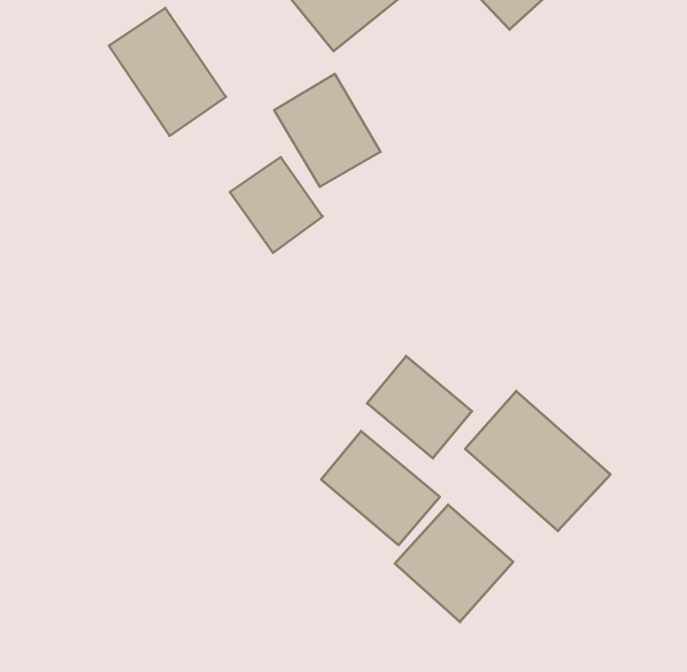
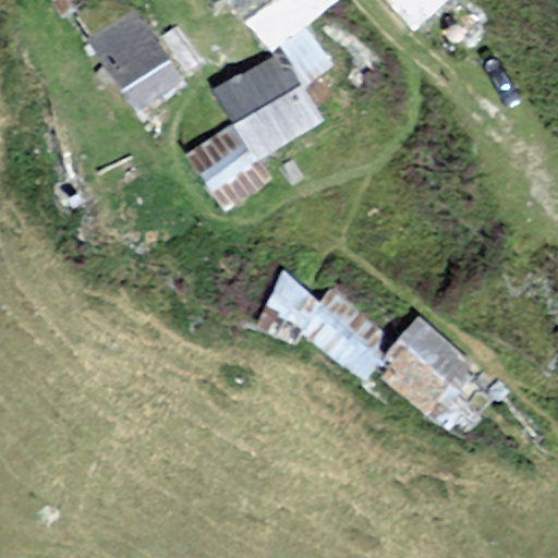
building: [321,431,440,545] -> none
building: [395,505,513,622] -> none

